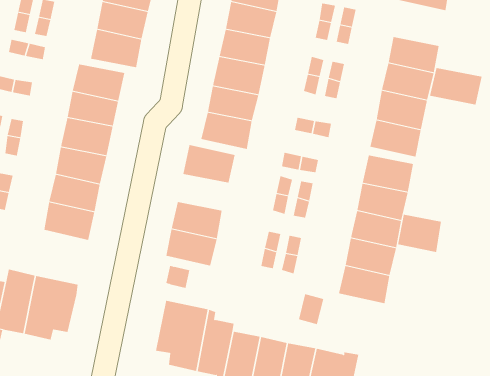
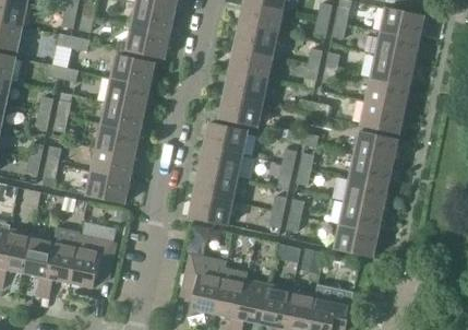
building: [429,67,483,105] -> [380,8,424,39]
building: none -> [199,148,242,178]
building: [398,214,441,253] -> none

